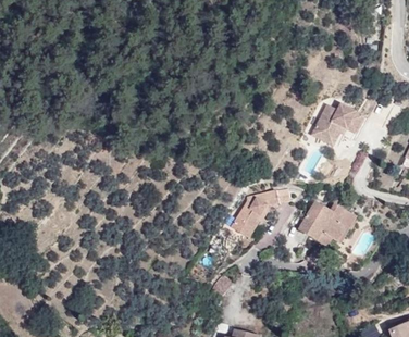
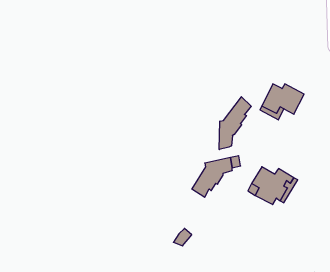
building: none -> [219,97,251,150]

